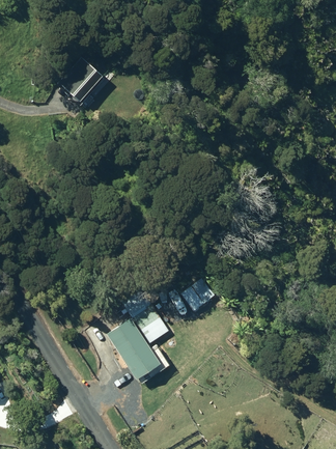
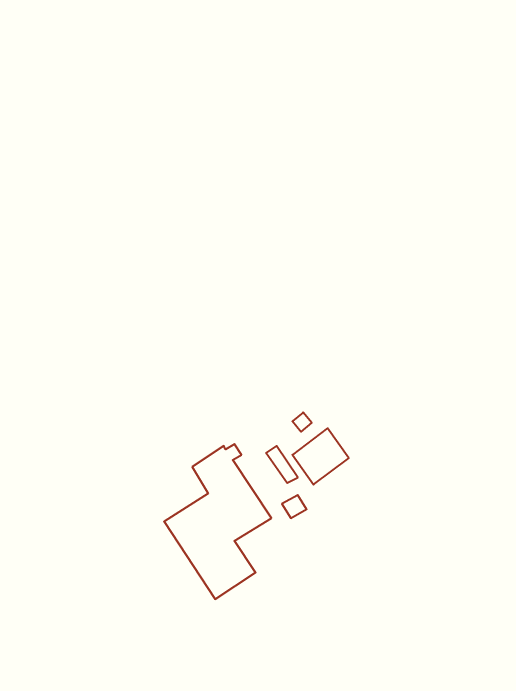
building: [57,56,106,106] -> none

